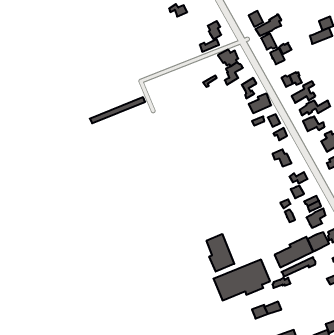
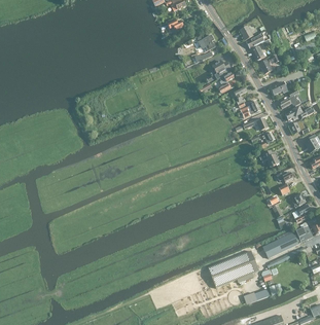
building: [207,234,234,272] -> none

